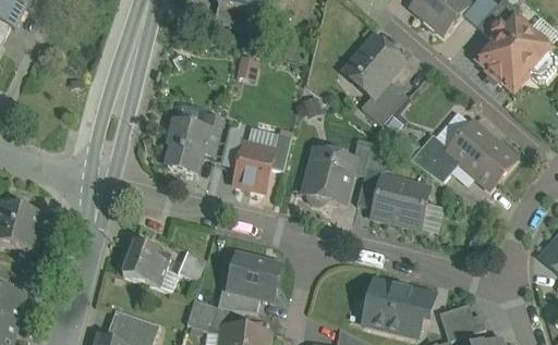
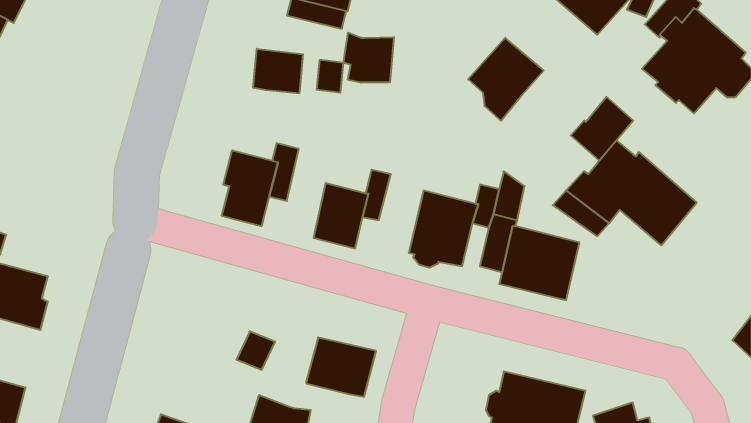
building: none -> [343,33,394,83]
building: none -> [253,49,303,93]
building: [361,77,407,124] -> [571,97,633,161]
building: [122,238,170,285] -> none
building: [217,285,259,311] -> none

